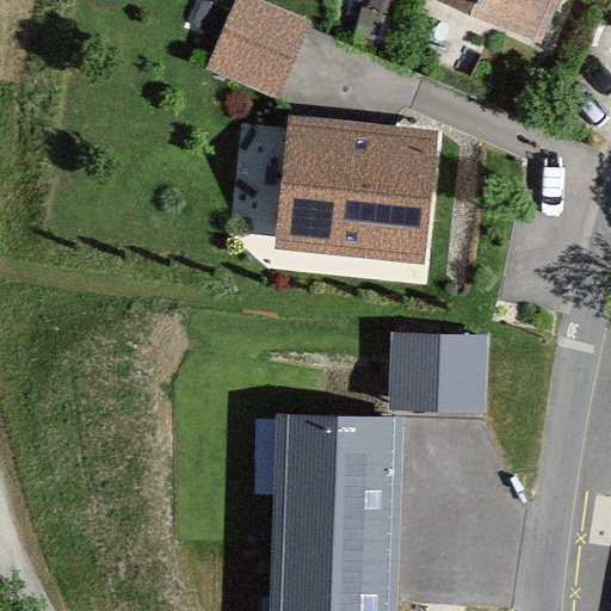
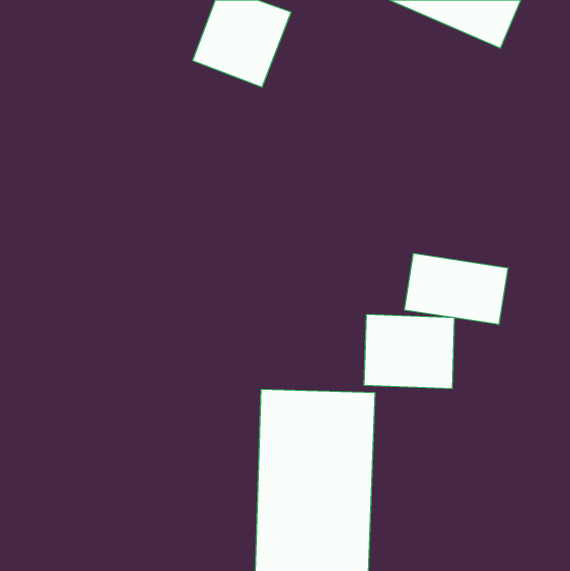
building: [267,107,443,264] -> none
building: none -> [404,253,508,325]

